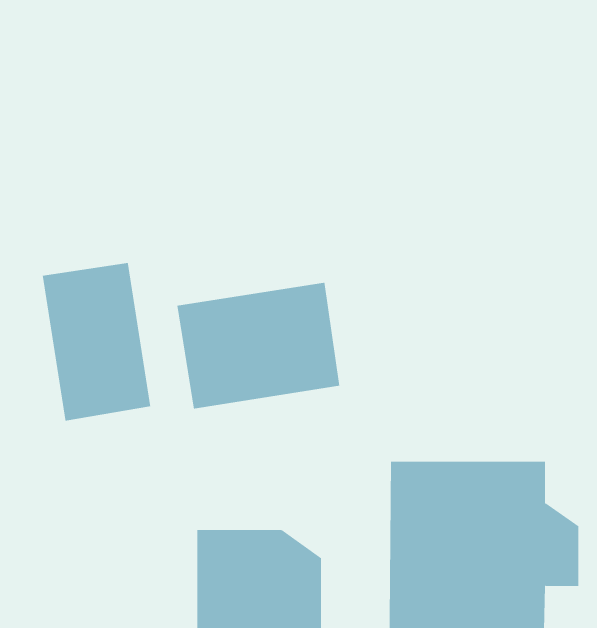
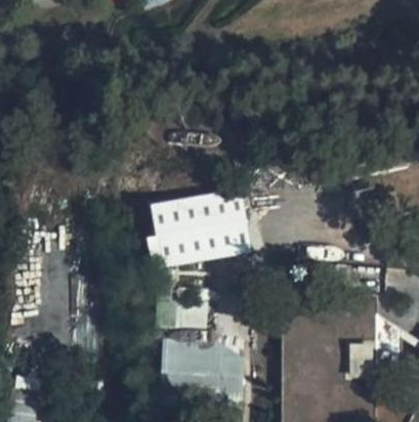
building: [42,262,151,422] -> none

